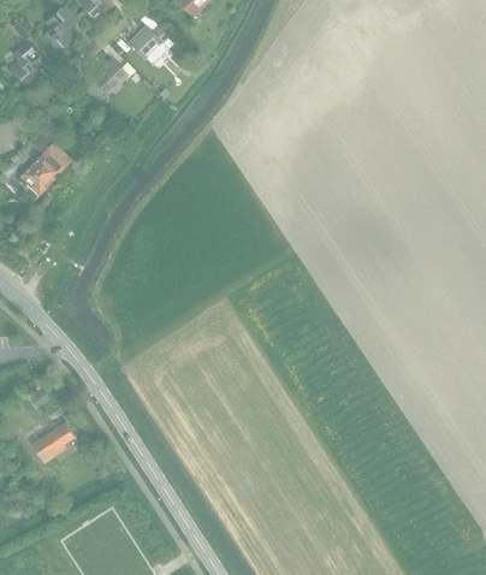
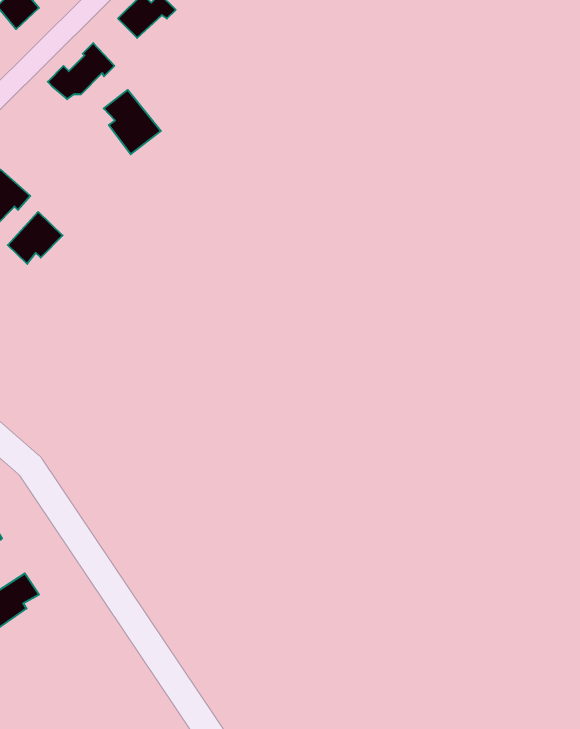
building: none -> [104,90,161,154]
building: none -> [8,212,63,264]

